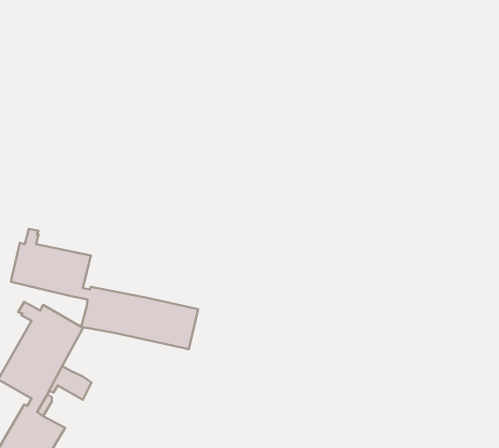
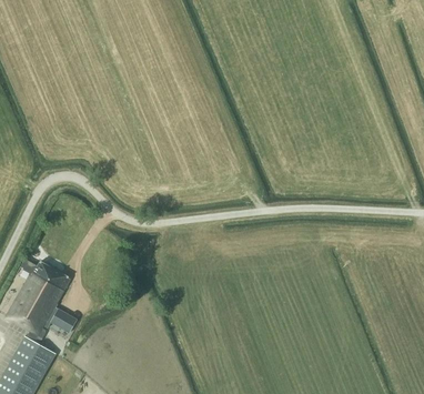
building: [11,229,198,349] -> none

